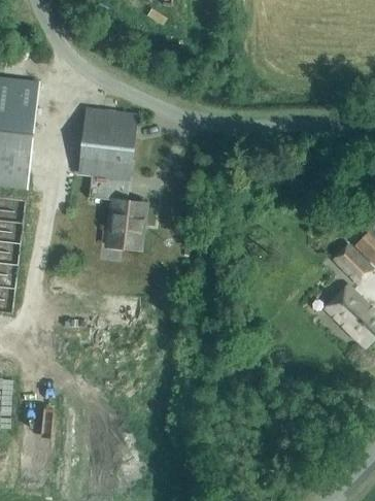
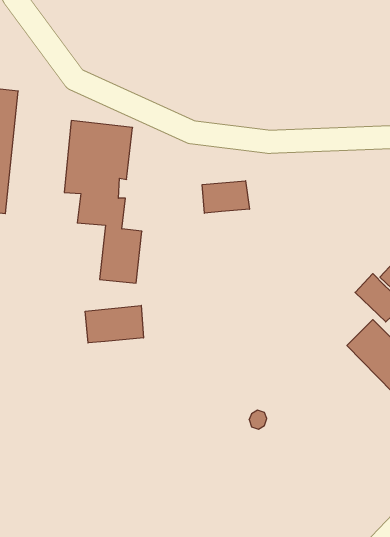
building: none -> [202,181,249,213]
building: none -> [85,305,143,343]

